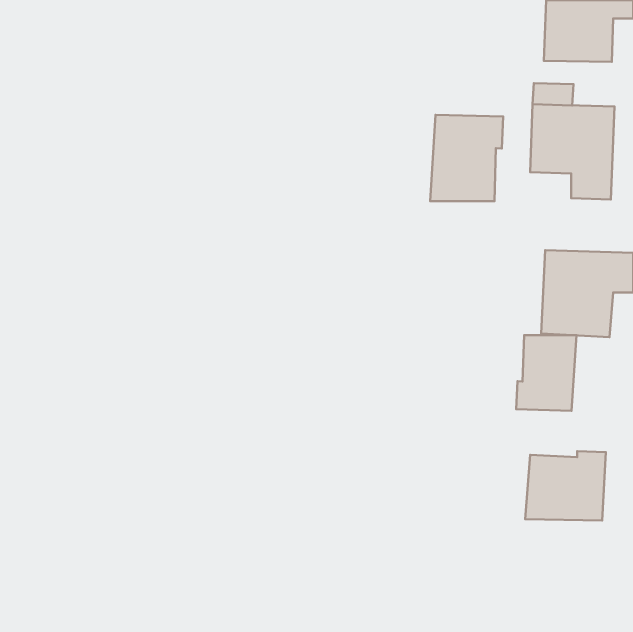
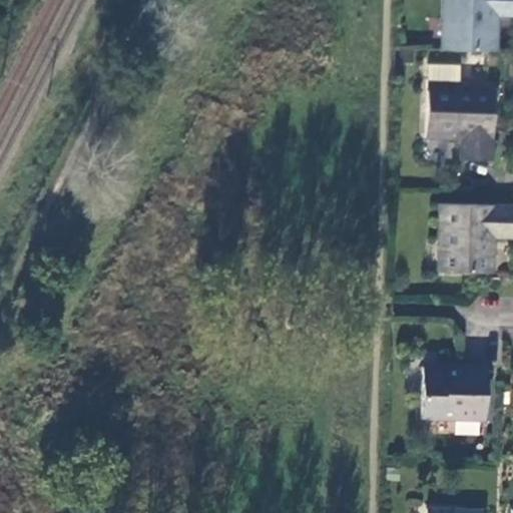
building: [430,115,503,201] -> none
building: [516,335,577,411] -> none

